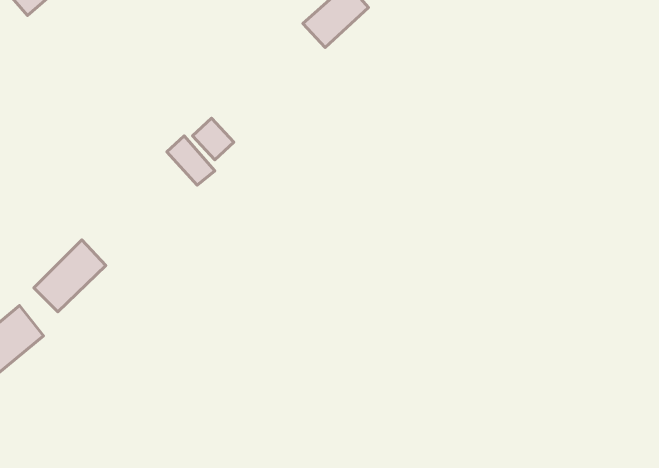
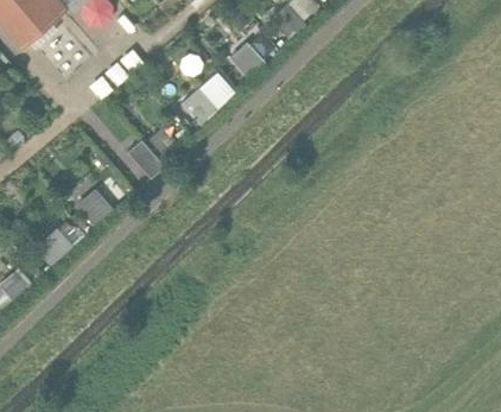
building: none -> [179,72,226,122]
building: none -> [70,188,113,230]

